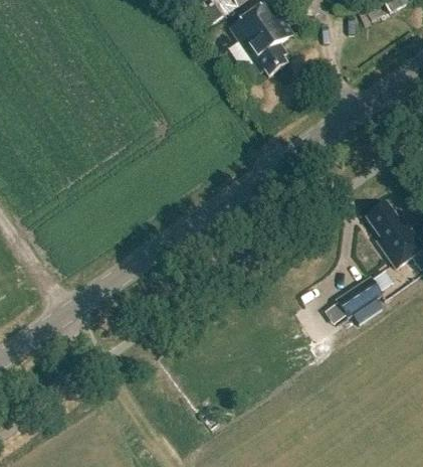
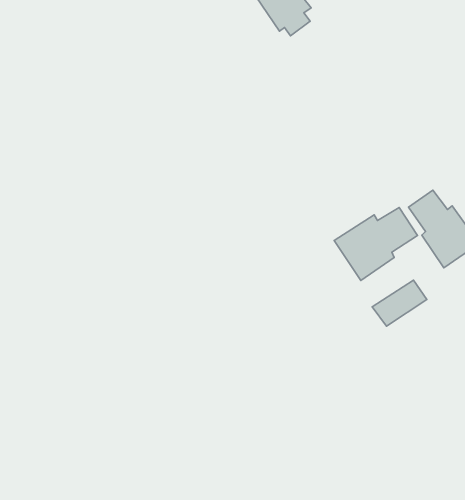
building: none -> [334,208,417,280]

